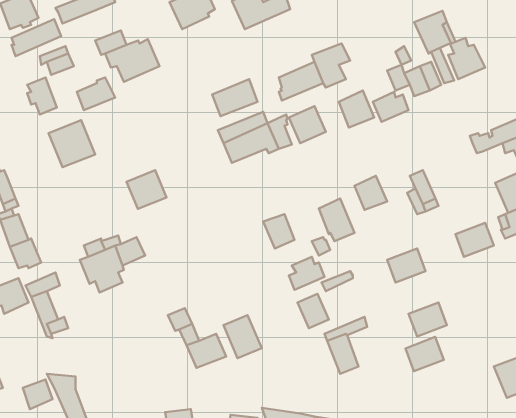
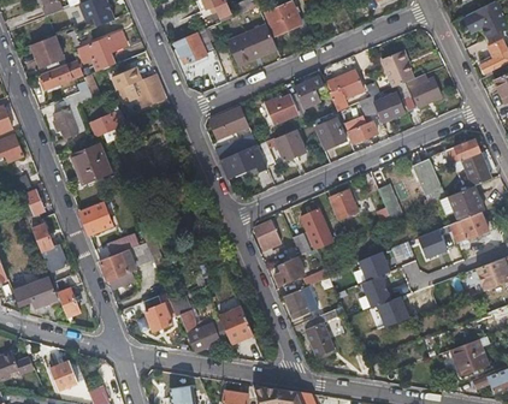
building: none -> [325,71,362,111]
building: none -> [414,162,444,201]
building: [127,170,166,209] -> [78,203,112,236]
building: none -> [141,292,172,332]
building: [405,337,444,371] -> [360,277,392,305]

